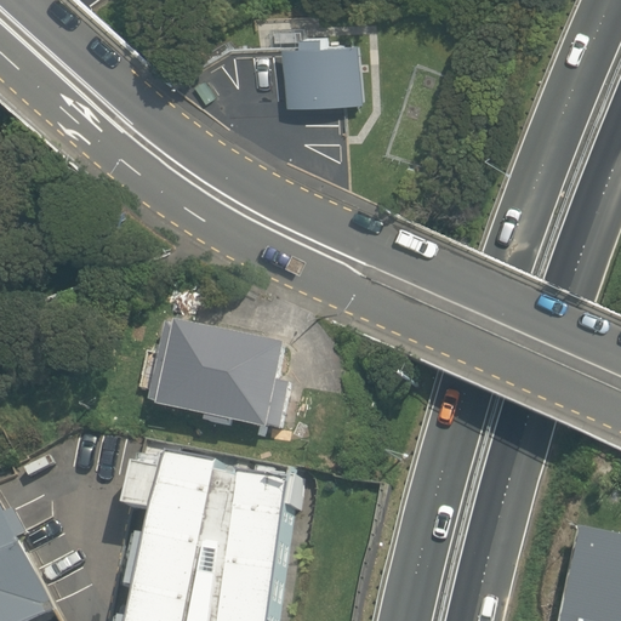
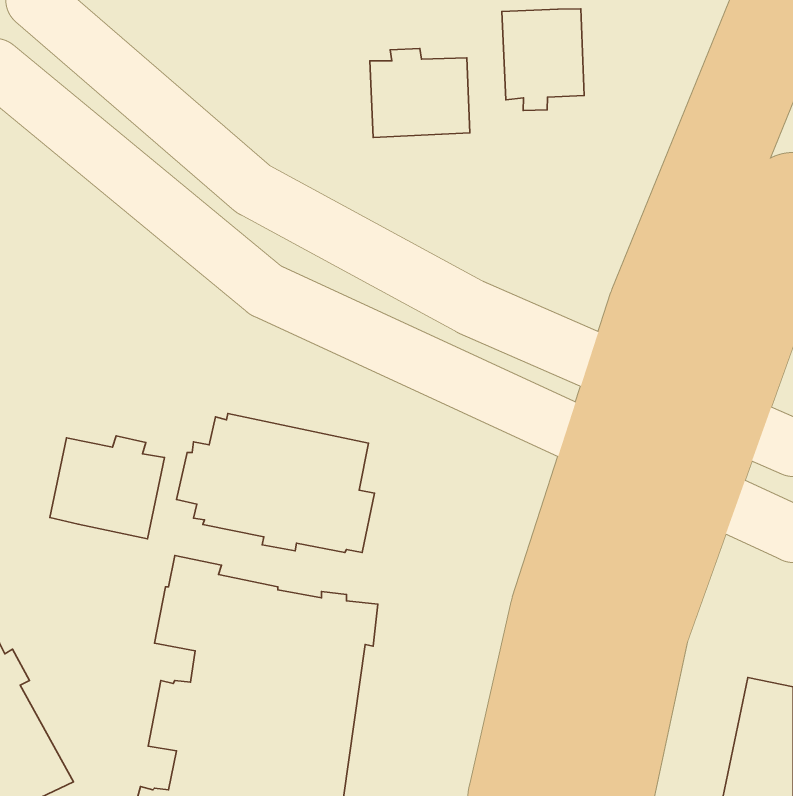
building: none -> [502,9,584,111]
building: none -> [50,436,165,539]

